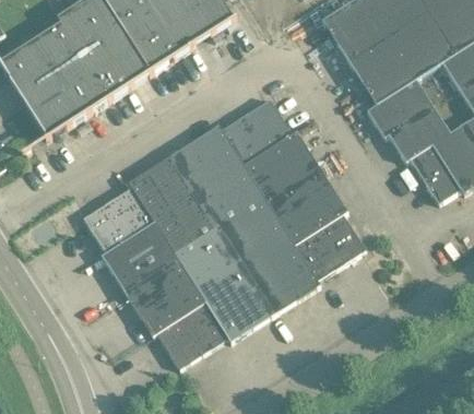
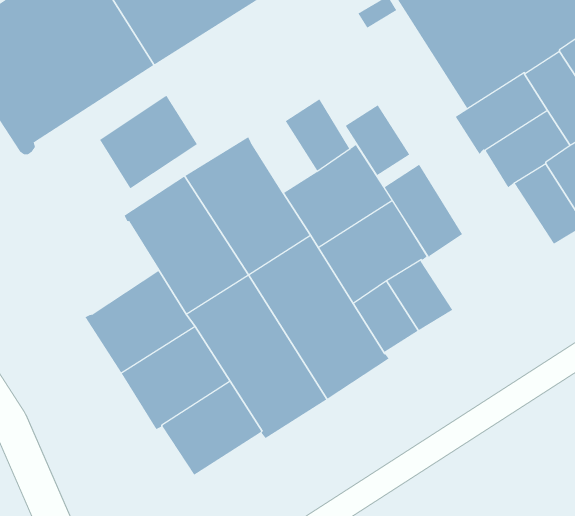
building: [221,114,268,165] -> [345,104,410,176]
building: none -> [384,164,463,258]
building: [83,186,154,252] -> [99,96,198,188]

